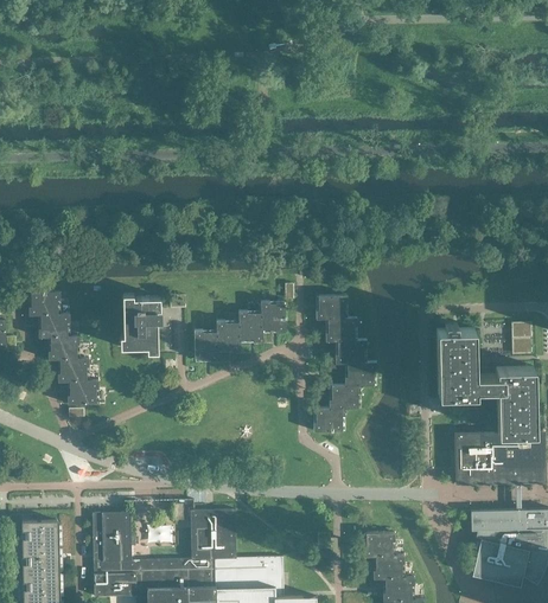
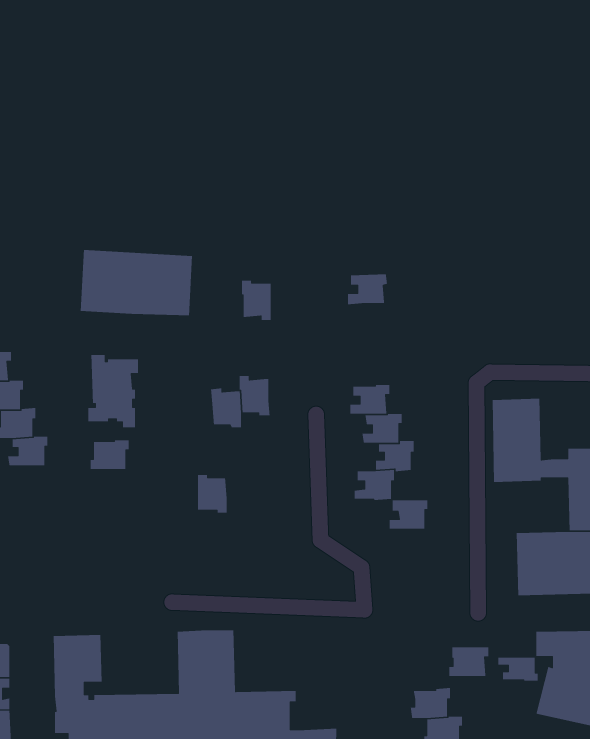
building: none -> [80,249,193,316]
building: [316,295,348,320] -> [347,273,388,305]
building: [261,301,285,333] -> [241,280,272,321]
building: [195,331,218,361] -> [197,474,227,514]
building: [68,380,98,404] -> [90,440,129,470]
building: [313,408,344,431] -> [389,499,428,530]
building: none -> [498,657,539,681]
building: [363,533,395,557] -> [448,646,489,677]

